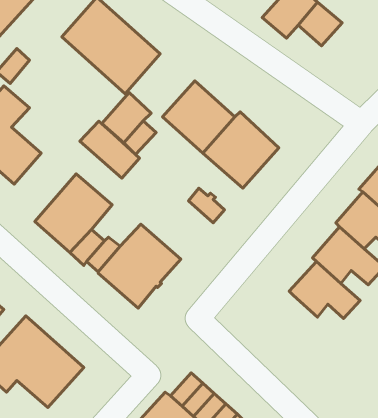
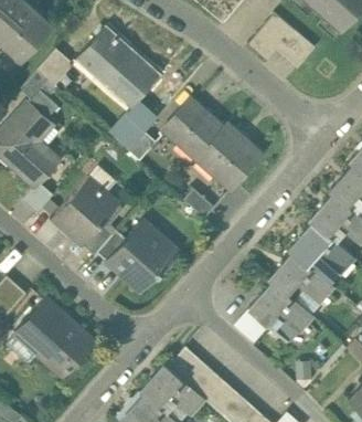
building: none -> [38,50,73,86]
building: [80,121,139,178] -> none
building: none -> [249,282,311,344]

